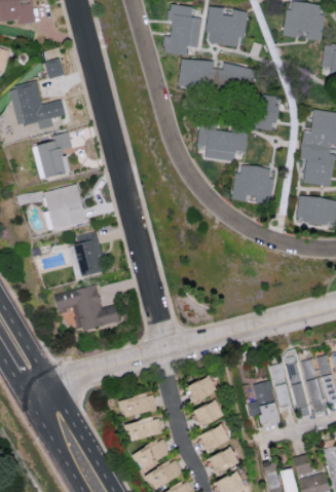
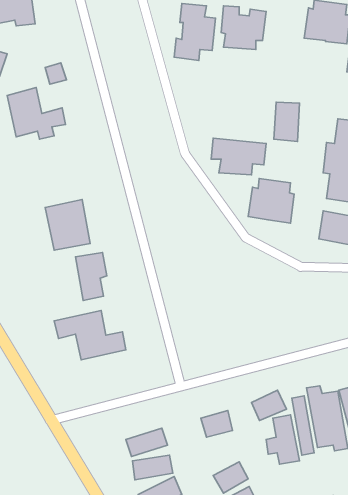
building: [178,59,256,94] -> none
building: [36,133,72,178] -> none
building: [193,400,225,427] -> [252,390,286,420]

